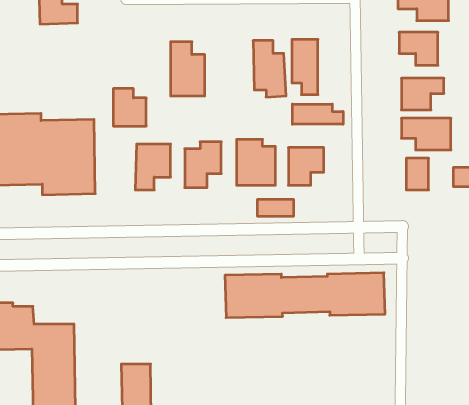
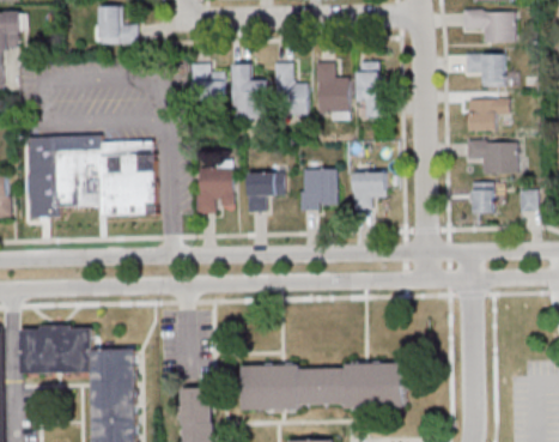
building: none -> [273,61,305,113]
building: [113,89,146,126] -> [190,62,224,101]
building: [292,104,343,124] -> none
building: [258,199,293,216] -> none
building: [225,273,385,318] -> [241,367,403,412]

